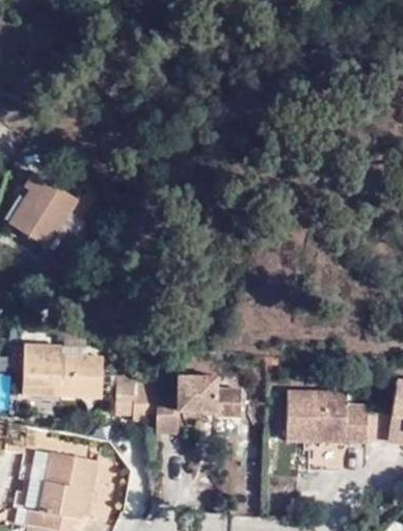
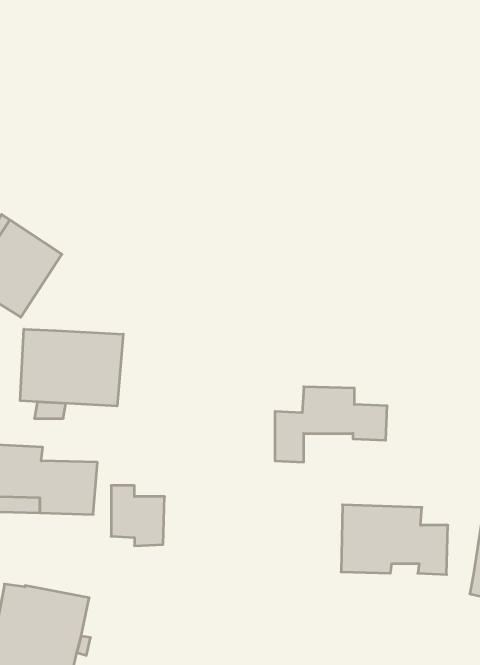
building: none -> [20,329,123,406]
building: [159,376,244,433] -> [275,387,387,462]

